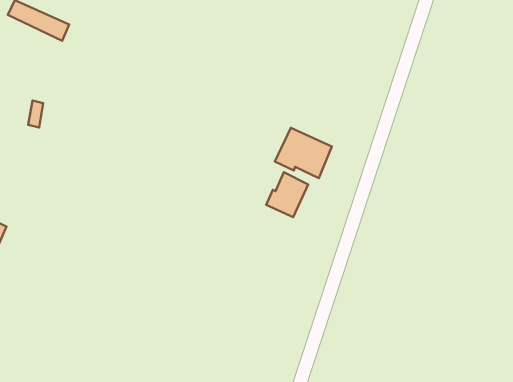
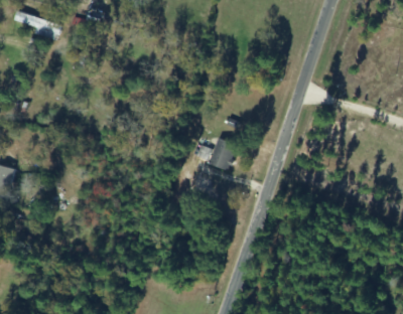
building: [275,128,332,178] -> none

